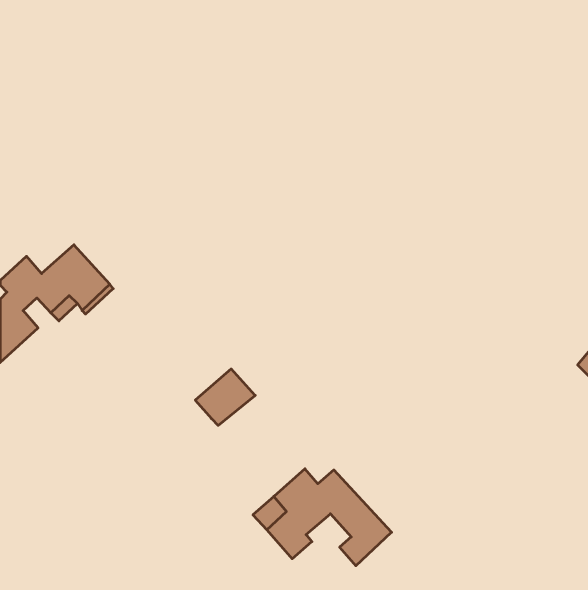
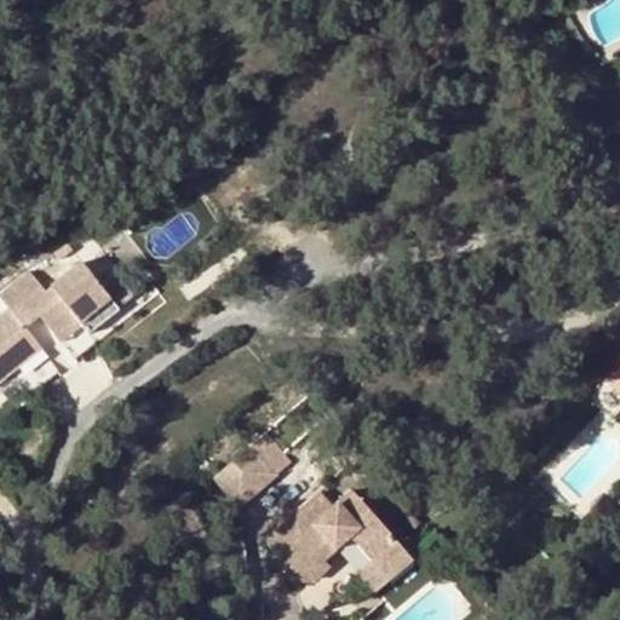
building: [195,369,255,425] -> [217,446,280,505]

